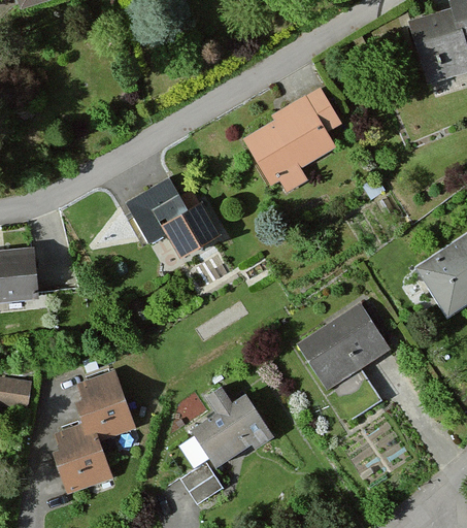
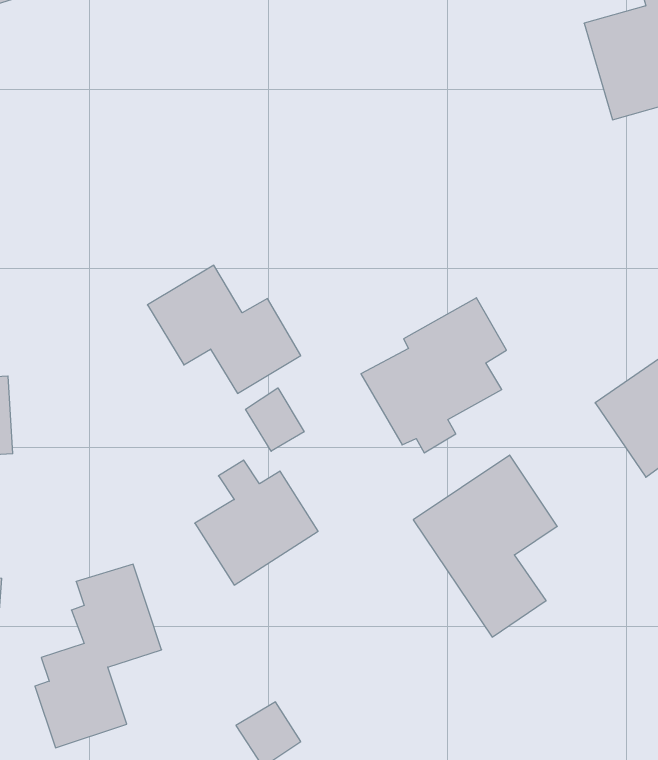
building: [244,89,339,190] -> [361,298,506,453]
building: none -> [246,388,304,451]
building: [190,387,270,468] -> [195,460,318,585]

